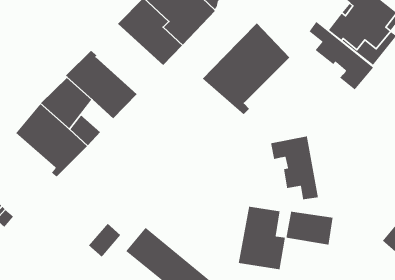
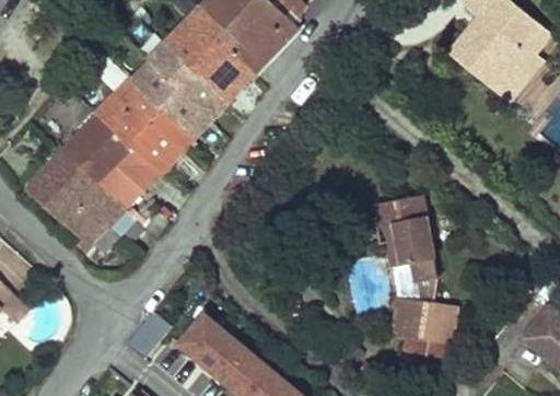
building: [309,21,374,91] -> none
building: [202,23,290,115] -> none
building: none -> [130,44,228,139]
building: none -> [116,147,160,190]
building: [238,206,286,270] -> none

